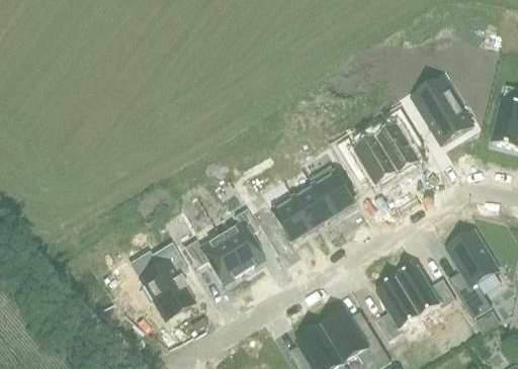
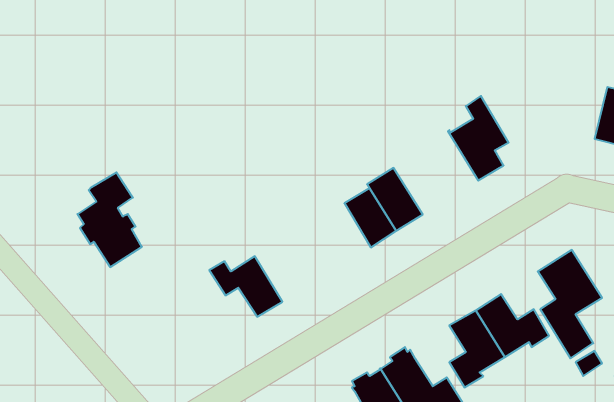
building: [412,76,472,143] -> none
building: [337,134,399,185] -> none
building: [270,192,313,240] -> none
building: [220,207,263,271] -> none
building: [140,242,191,317] -> [77,172,142,267]

